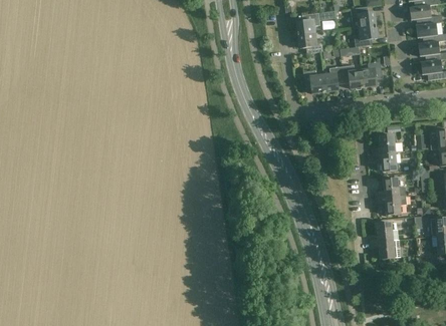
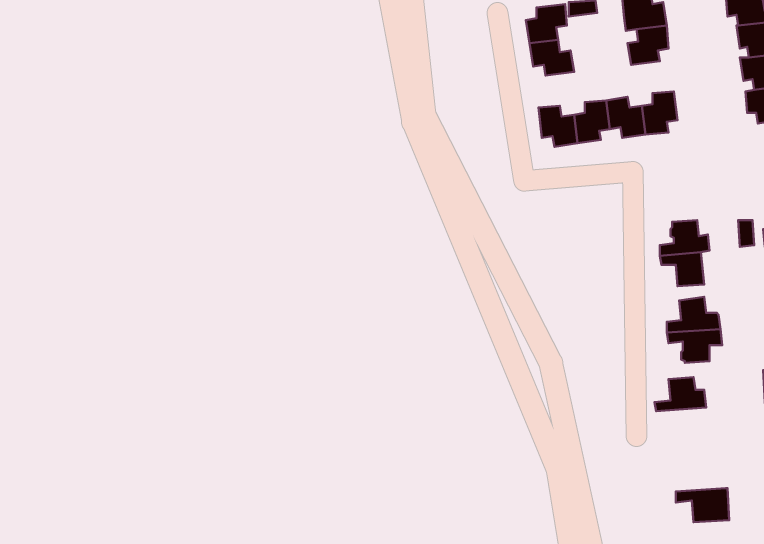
building: [371,239,401,258] -> [676,488,729,522]

